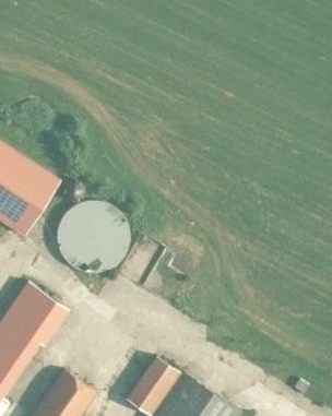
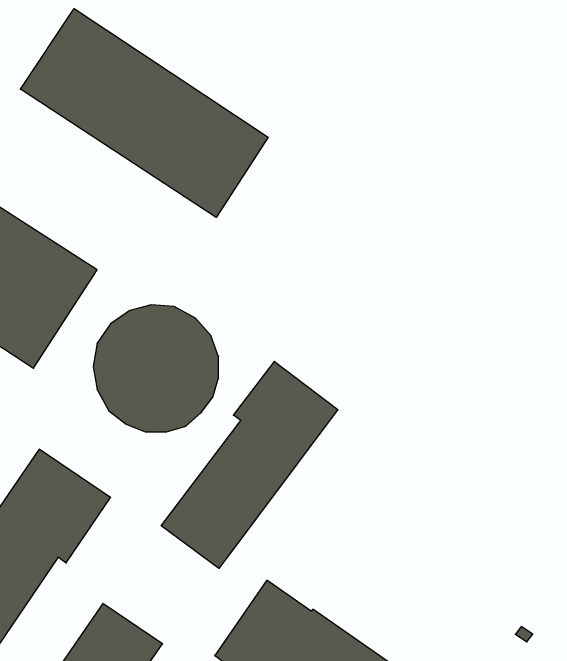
building: none -> [20,9,268,217]
building: none -> [161,361,338,568]

